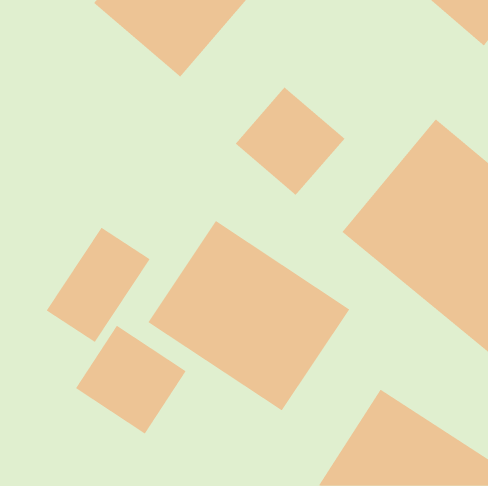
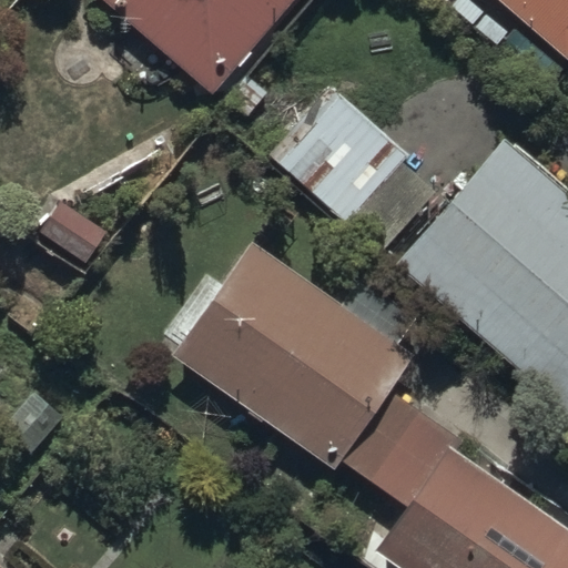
building: [46,227,151,343] -> none
building: [75,325,187,435] -> none

